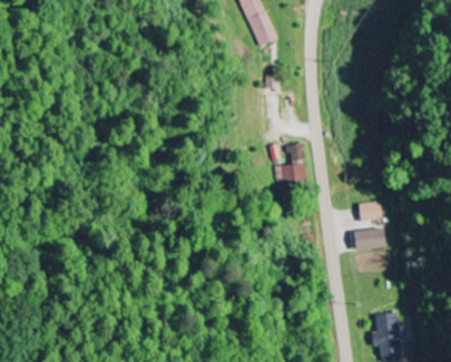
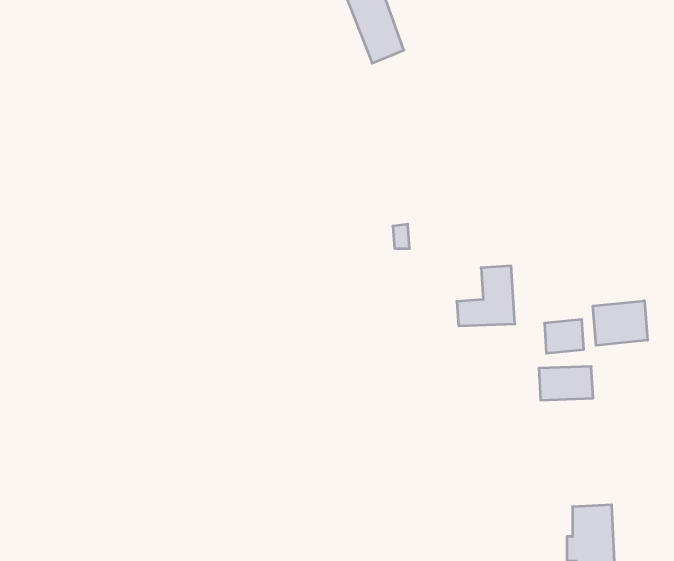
building: [273,144,307,179] -> [457,266,515,326]
building: none -> [593,301,648,345]

